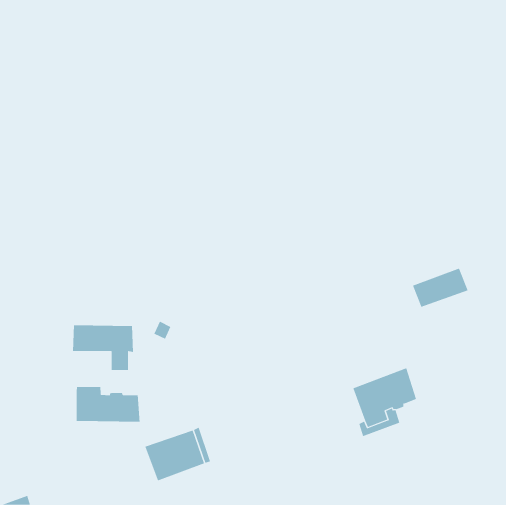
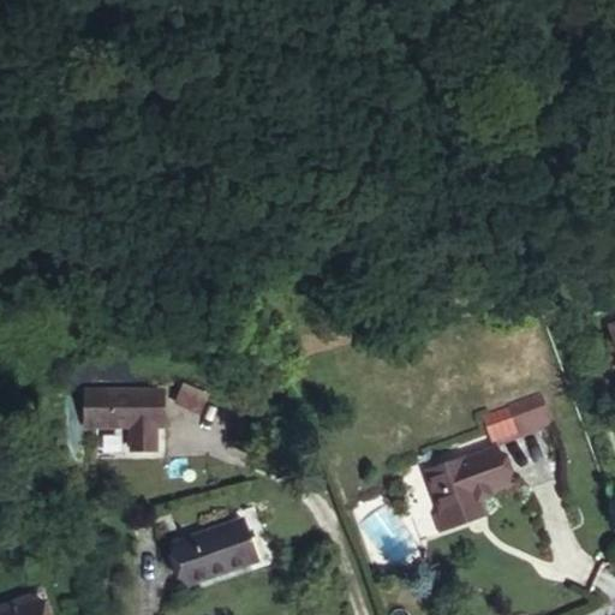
building: [412,268,468,307] -> [480,394,549,442]
building: [76,386,140,422] -> none

